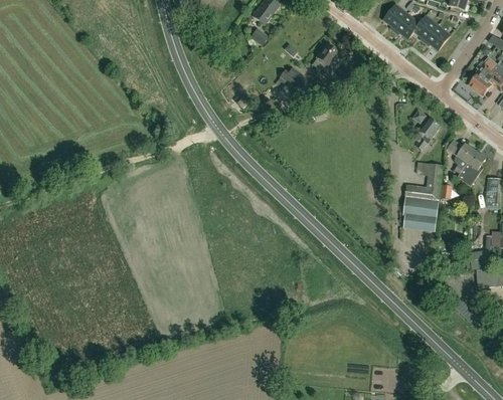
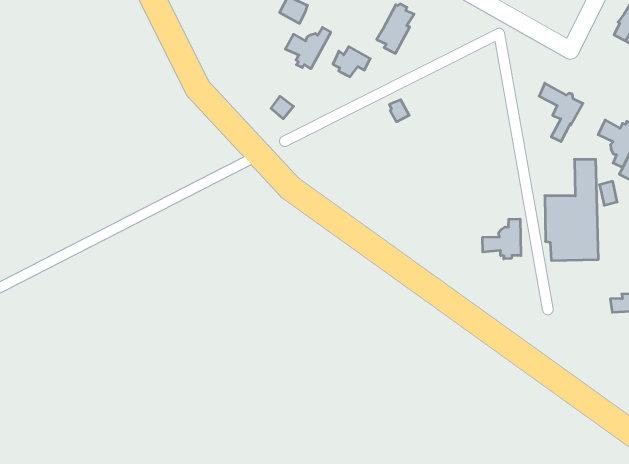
building: none -> [285,27,331,69]
building: none -> [483,219,521,259]

